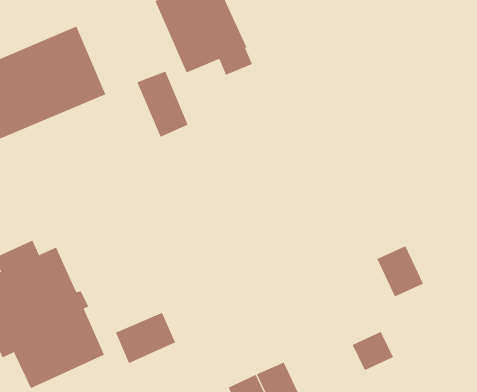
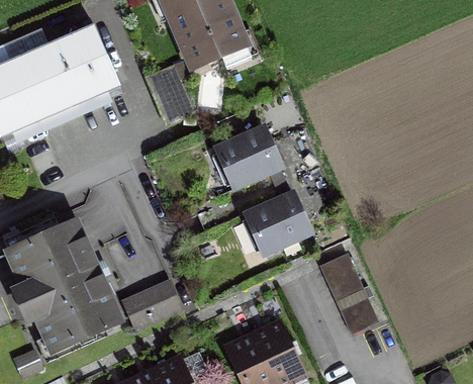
building: none -> [217,128,281,187]
building: none -> [248,195,310,252]
building: [377,245,424,297] -> [320,254,363,300]

